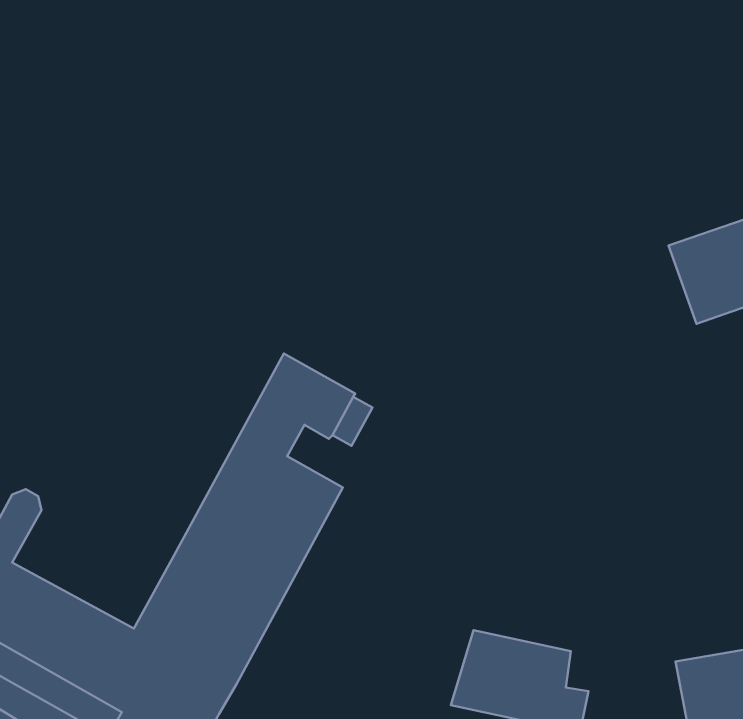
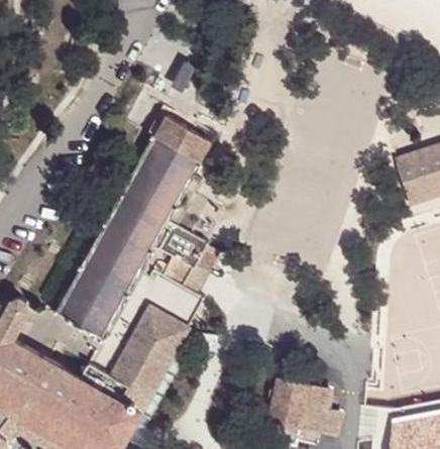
building: none -> [59,118,214,342]

